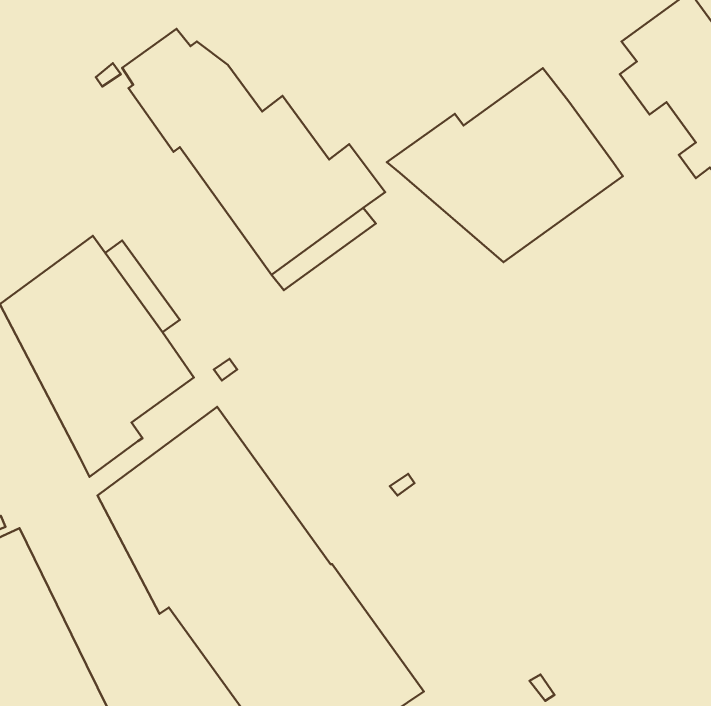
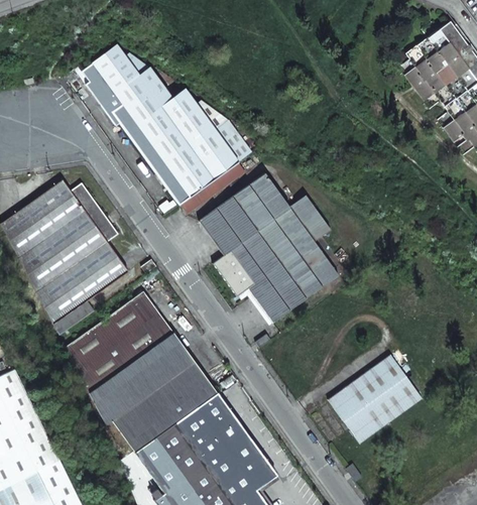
building: [387,68,623,262] -> none
building: none -> [199,173,337,323]
building: none -> [327,354,422,444]

